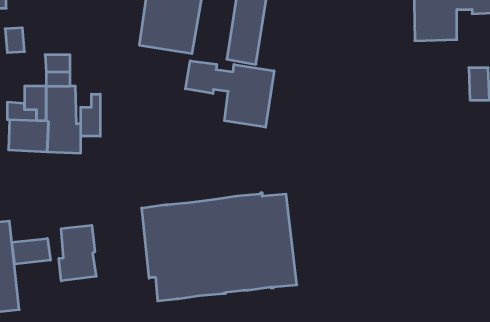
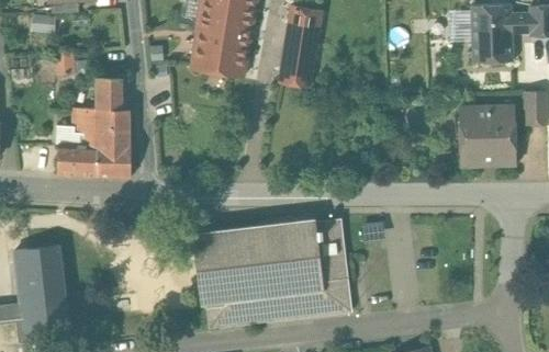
building: [185,61,274,127] -> none
building: none -> [455,109,514,162]
building: [81,94,100,136] -> none
building: [59,225,96,281] -> none
building: [12,238,50,264] -> none

